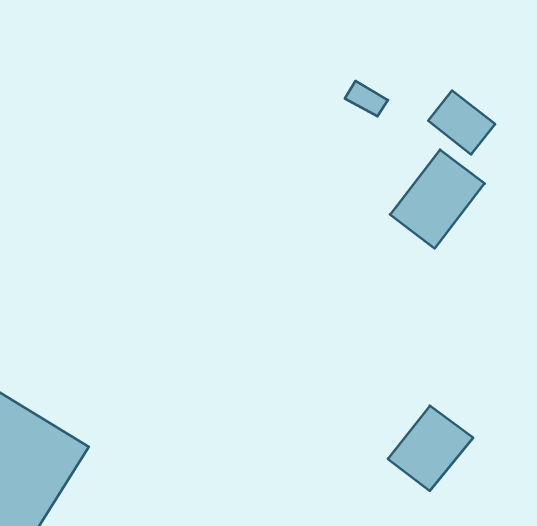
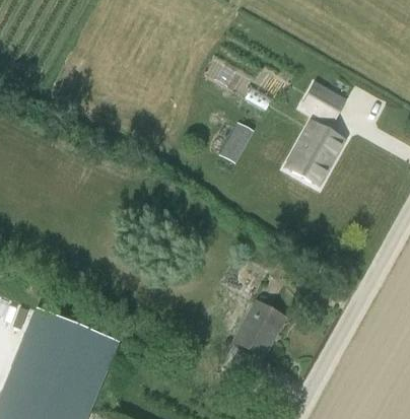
building: none -> [221,119,257,162]
building: [388,406,473,491] -> [232,301,284,355]

